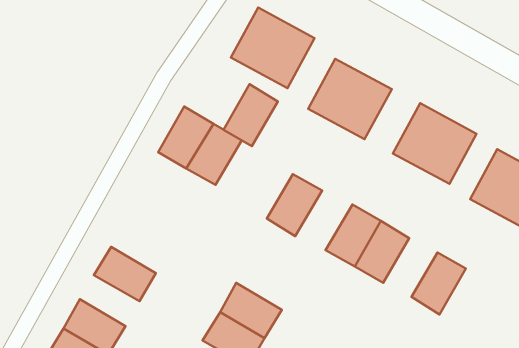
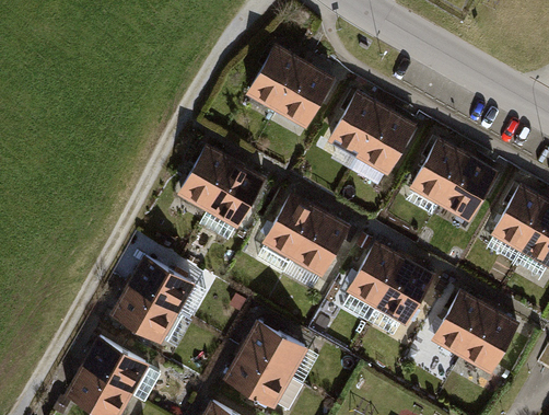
building: [224,84,278,146] -> [259,195,314,257]
building: none -> [131,256,194,312]
building: none -> [462,308,517,370]

